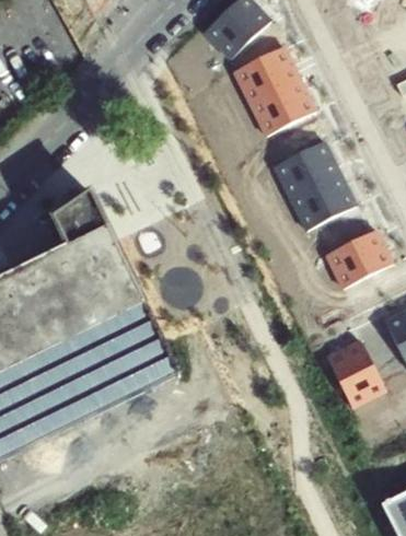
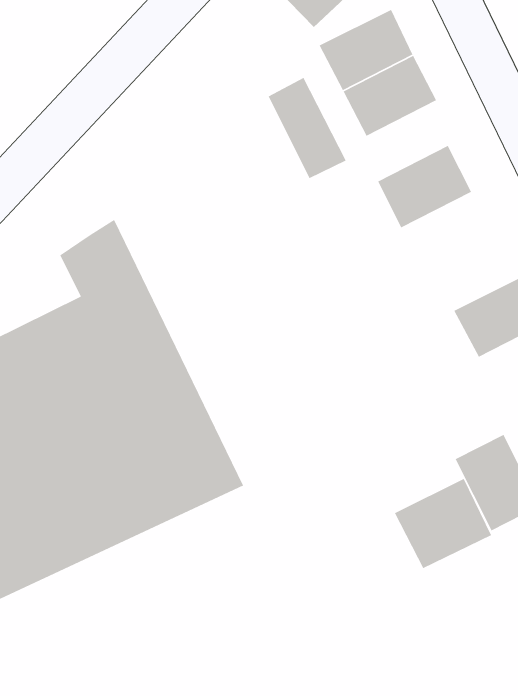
building: none -> [268,77,347,179]
building: [288,173,353,230] -> none
building: none -> [394,478,492,569]

